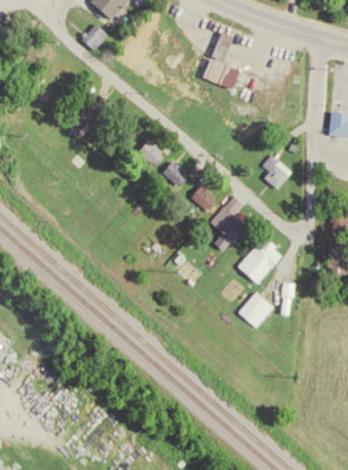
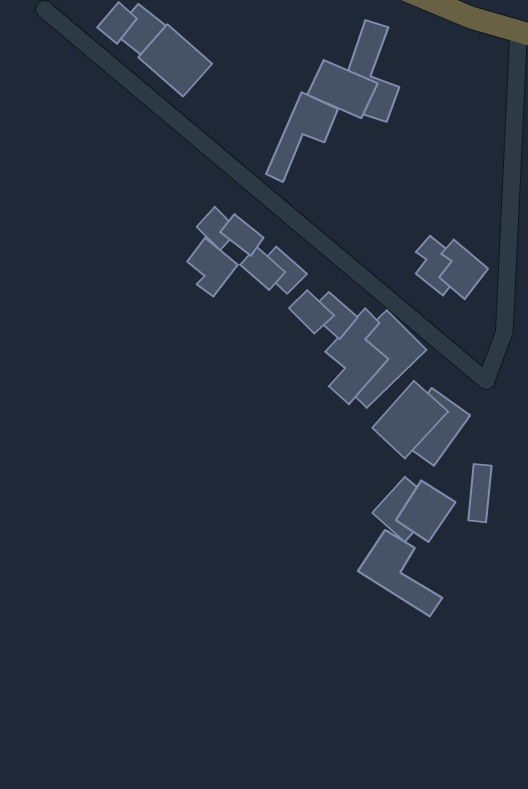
building: none -> [138,24,212,96]
building: none -> [266,92,338,182]
building: none -> [187,238,238,297]
building: none -> [358,530,442,617]

